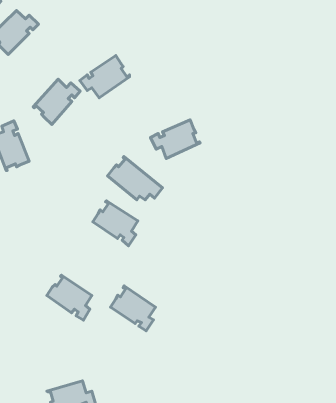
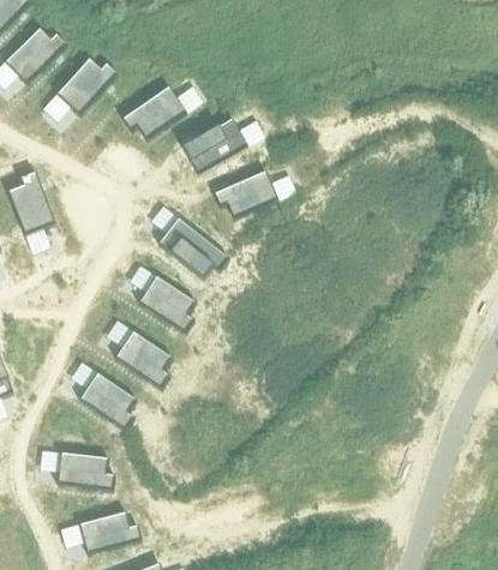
building: [33,79,80,124] -> [54,56,115,115]
building: none -> [184,116,247,174]
building: [110,286,155,331] -> [113,329,172,388]
building: none -> [55,450,114,490]

